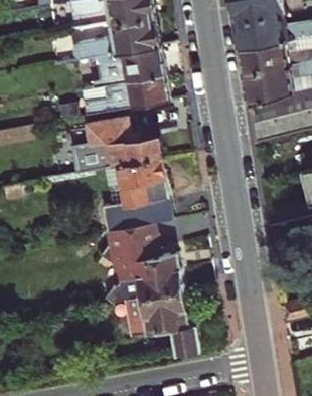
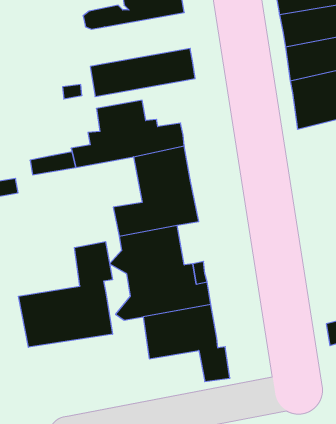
building: [89,46,164,89] -> none
building: none -> [19,242,112,347]

